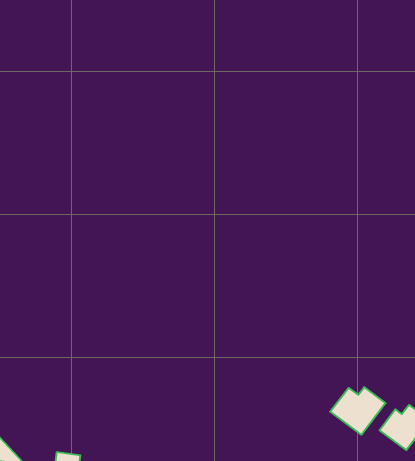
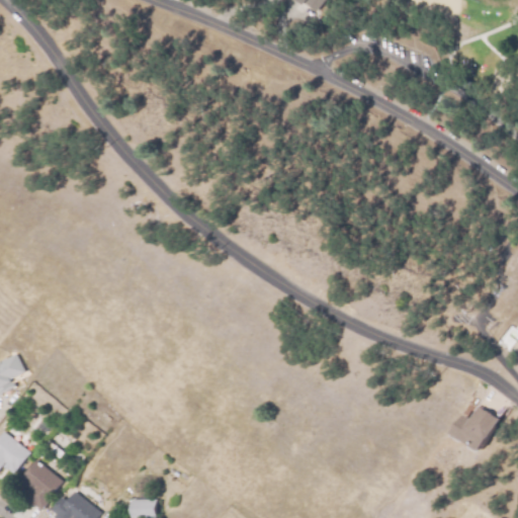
building: [330,387,386,435] -> none

